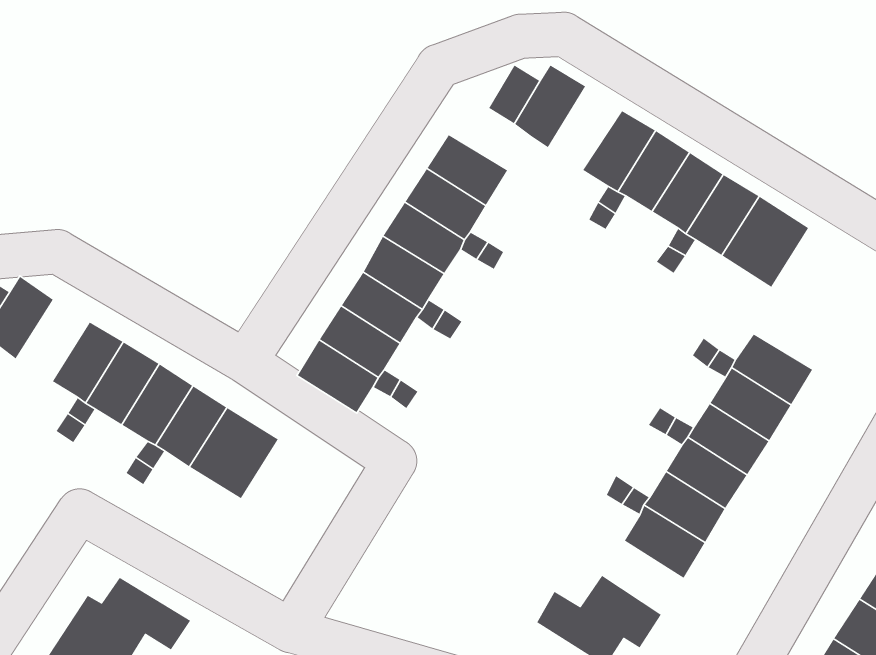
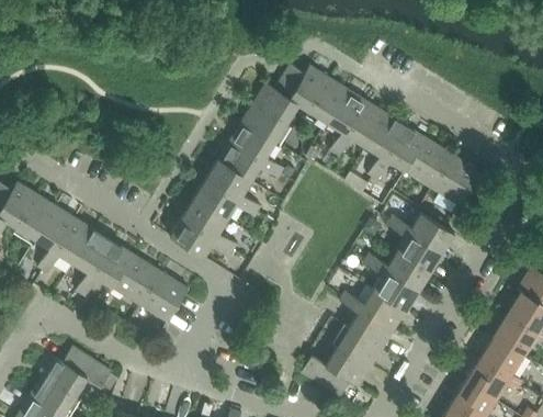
building: none -> [308,77,349,123]
building: none -> [253,82,298,123]
building: none -> [431,155,480,205]
building: none -> [15,194,56,239]
building: none -> [139,271,189,322]
building: none -> [338,327,383,368]

